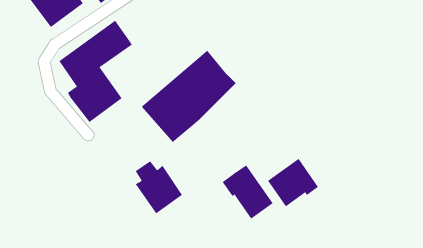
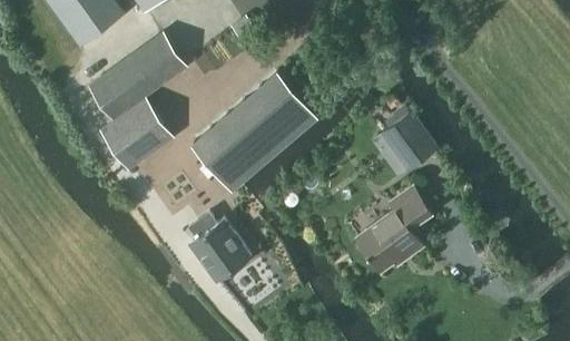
building: none -> [379,110,435,169]
building: none -> [389,187,430,228]
building: [222,164,273,219] -> none

